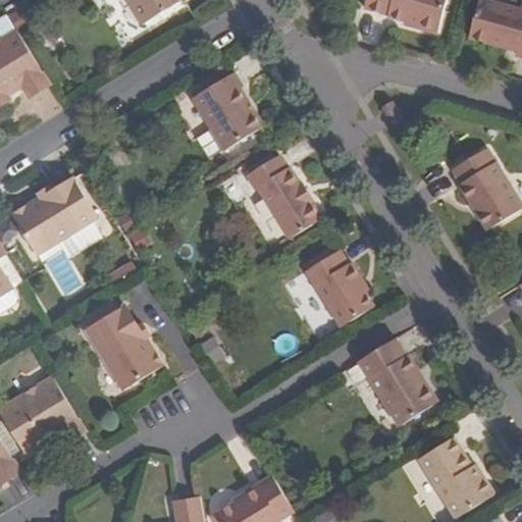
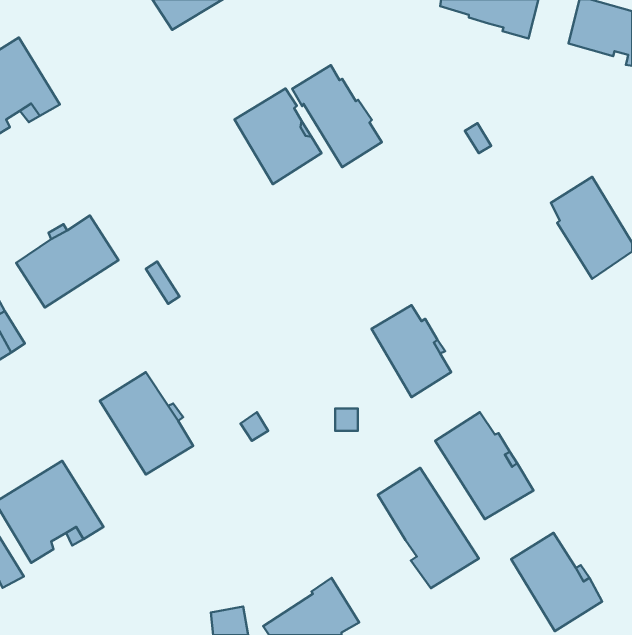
building: [246,154,319,238] -> [292,65,382,167]
building: none -> [378,468,479,588]

